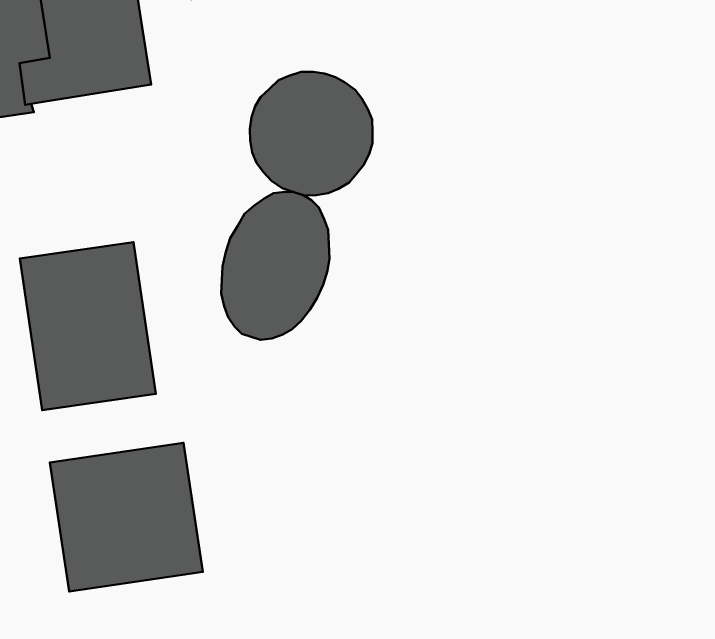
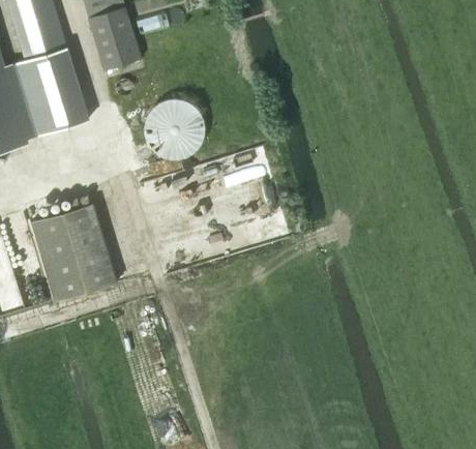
building: [221,192,330,340] -> none
building: [50,443,203,592] -> none

